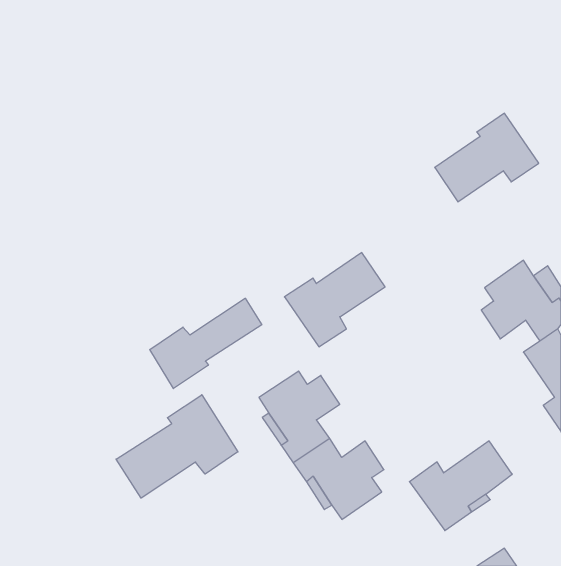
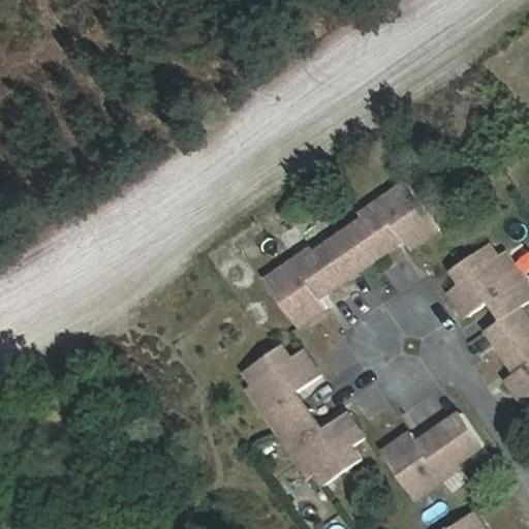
building: [435,113,539,202] -> [338,185,435,268]
building: [150,298,262,389] -> none
building: [116,395,238,498] -> none

